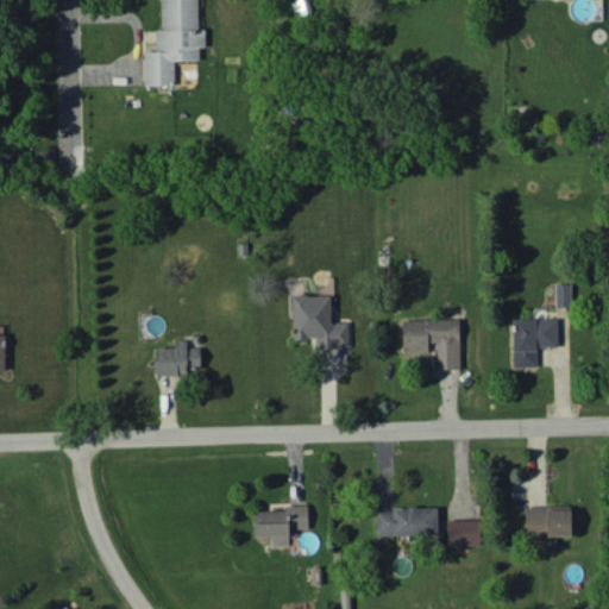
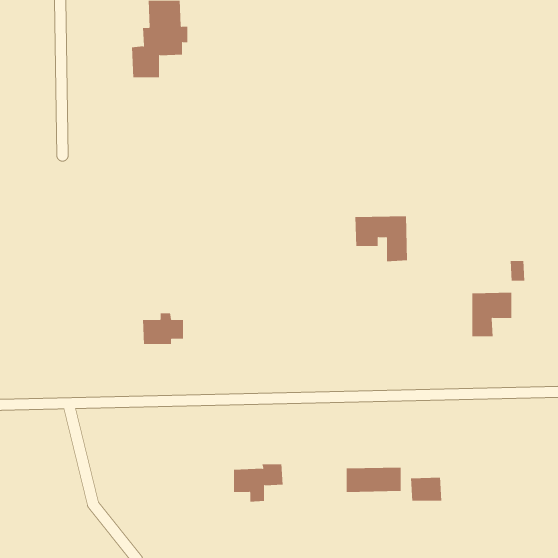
building: [293,296,350,349] -> none
building: [403,320,462,370] -> [354,216,408,262]
building: [526,507,572,538] -> none

